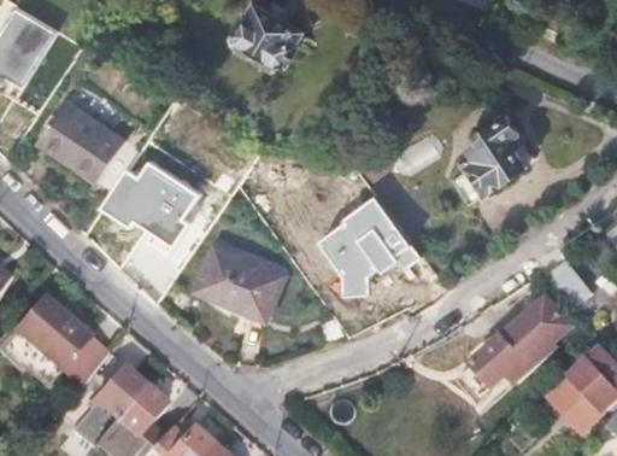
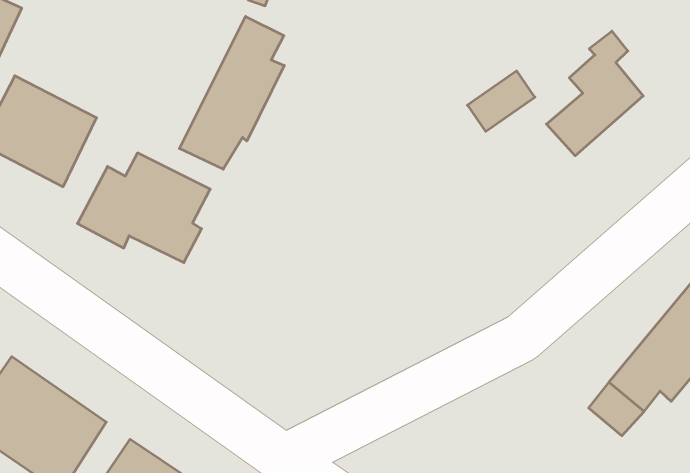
building: none -> [179,16,284,169]
building: [324,195,422,294] -> none
building: [198,239,282,314] -> none

